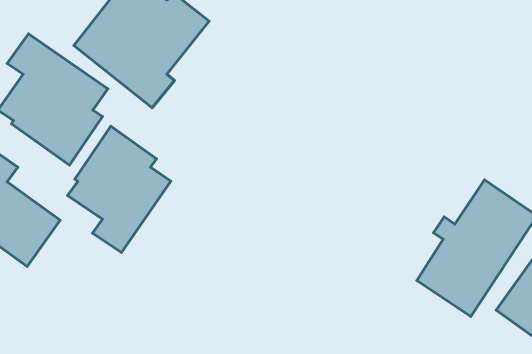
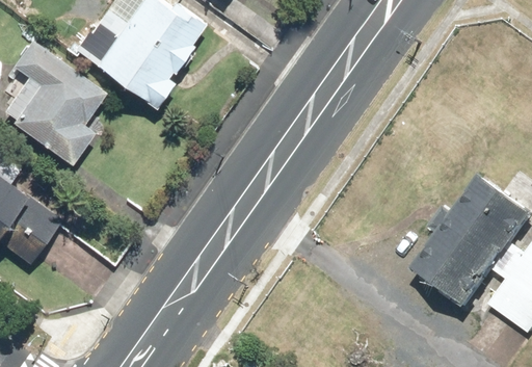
building: [68,126,171,253] -> none

